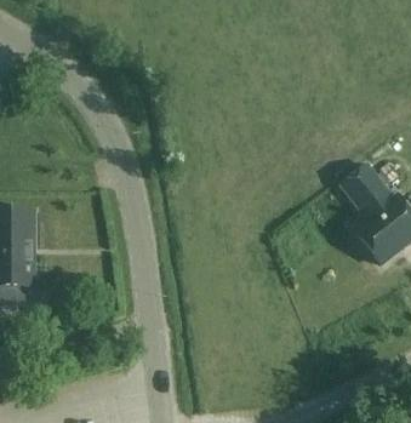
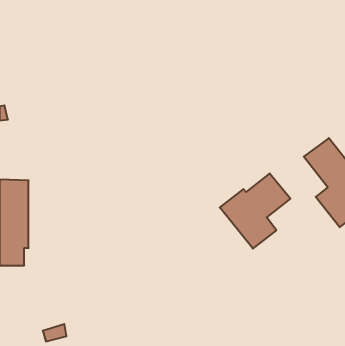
building: none -> [220,173,290,249]

